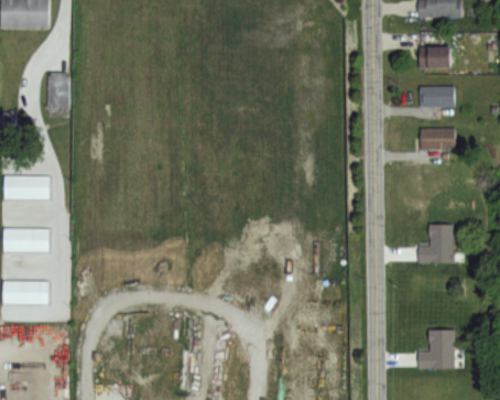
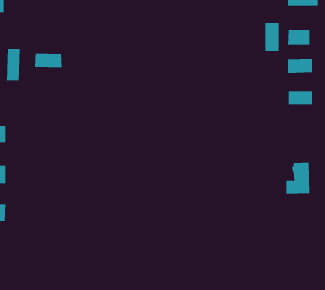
building: none -> [265,22,279,52]
building: none -> [35,53,62,68]
building: [419,331,454,368] -> none

